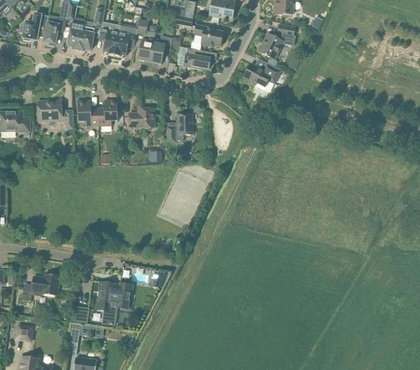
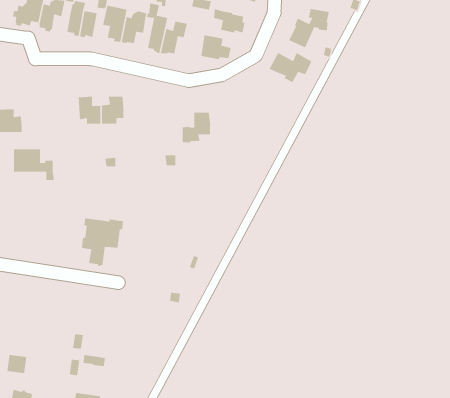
building: [37,100,73,128] -> [13,148,55,181]
building: [128,108,154,127] -> none
building: [30,273,59,295] -> none
building: [95,281,132,324] -> [81,217,124,267]

